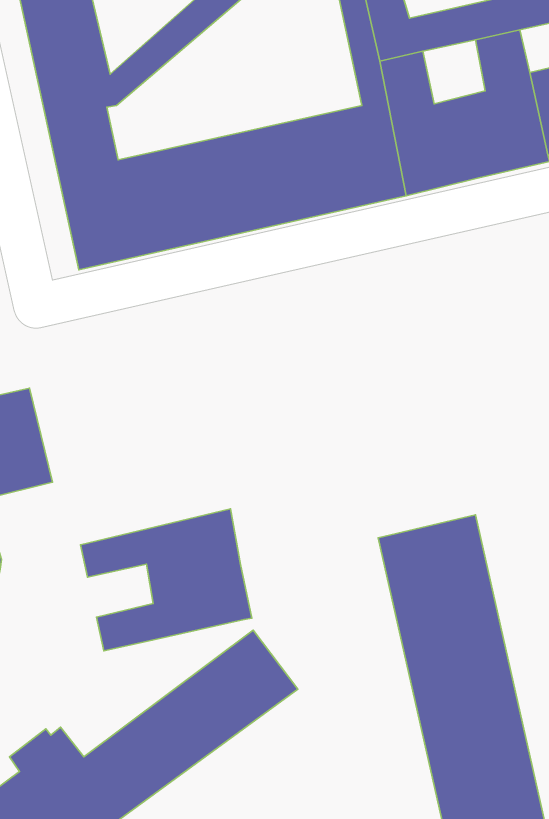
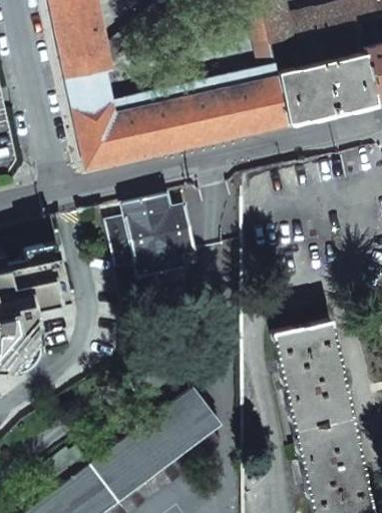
building: none -> [107,194,198,281]
building: [81,509,252,651] -> none

